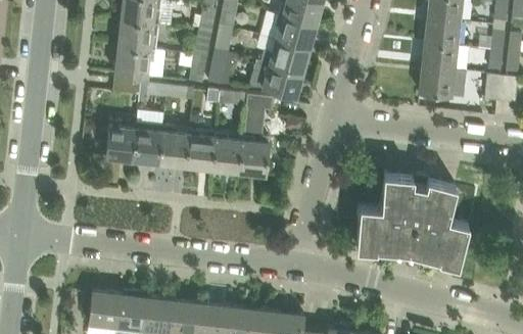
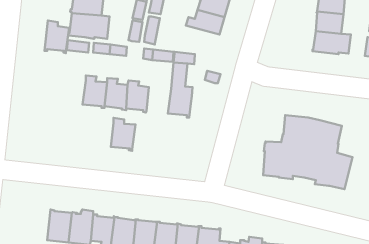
building: [249,60,302,99] -> none
building: [105,121,136,161] -> [45,20,69,53]
building: [211,132,242,173] -> [111,118,136,151]

